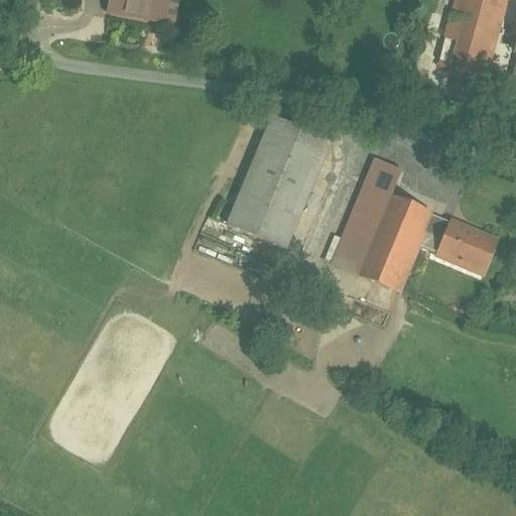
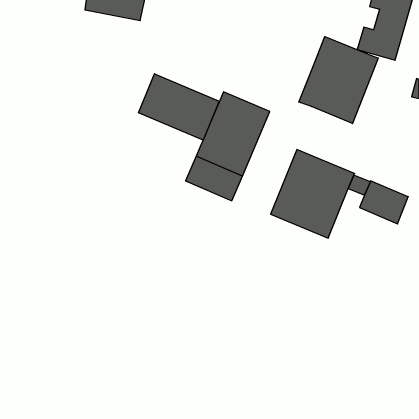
building: none -> [299,37,378,124]
building: none -> [138,74,219,140]
building: [363,155,403,195] -> none

